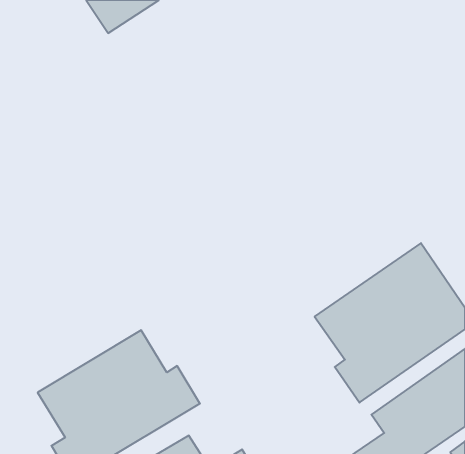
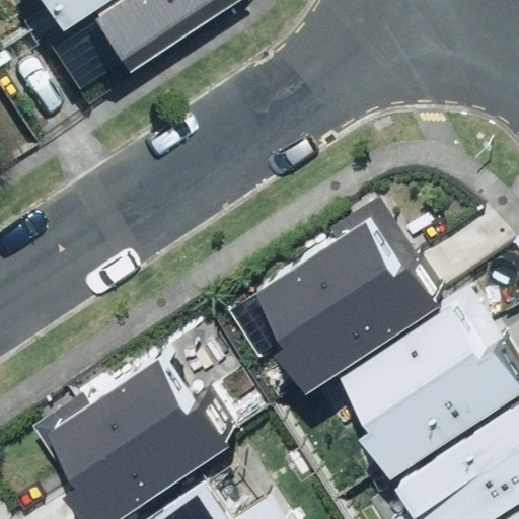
building: none -> [263,191,450,374]

